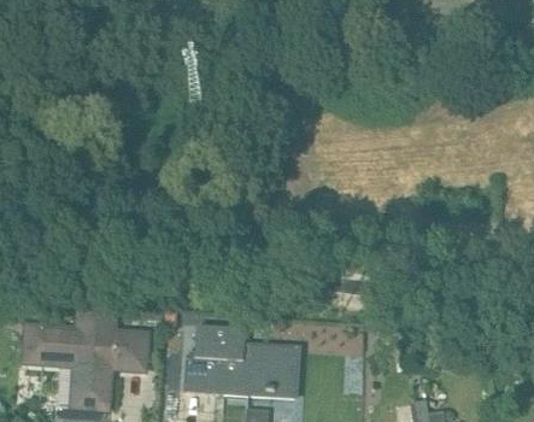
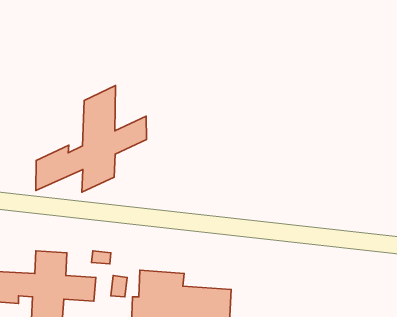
building: none -> [36,86,146,192]

